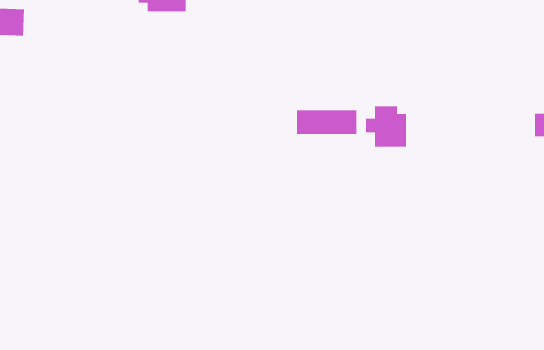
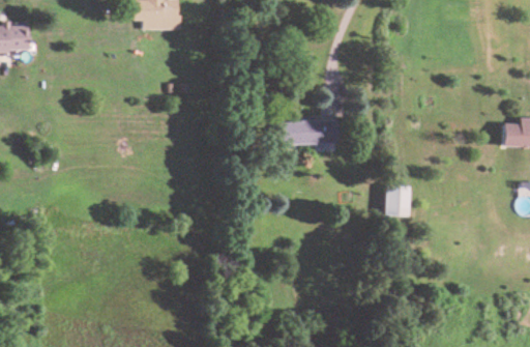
building: [365,105,407,147] -> none
building: none -> [386,185,409,216]

